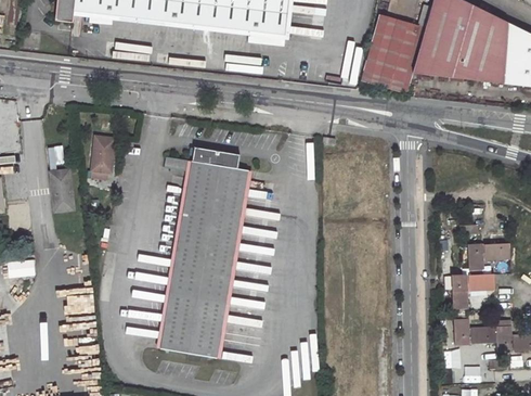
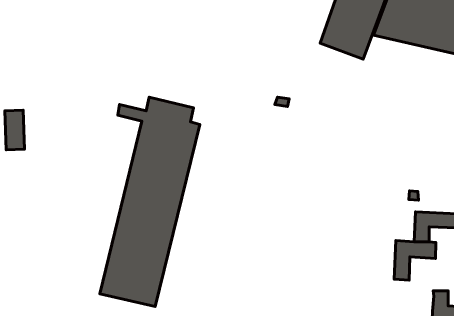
building: [91,137,115,180] -> none
building: [454,312,495,343] -> none

